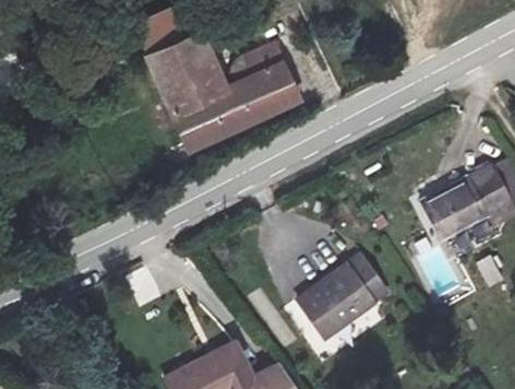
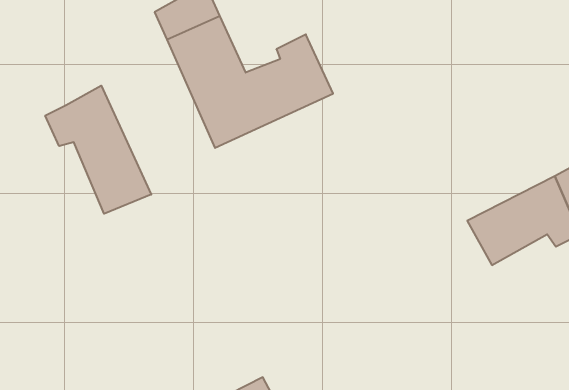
building: none -> [45,86,151,214]
building: [297,258,387,341] -> none

